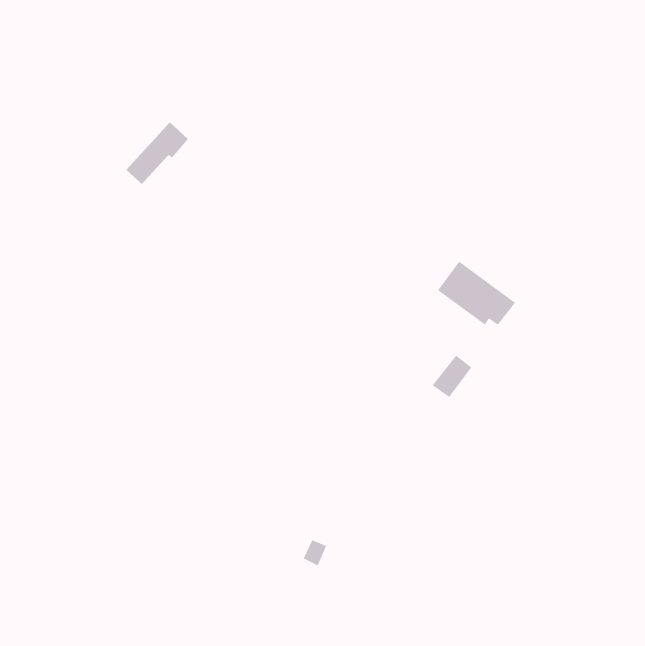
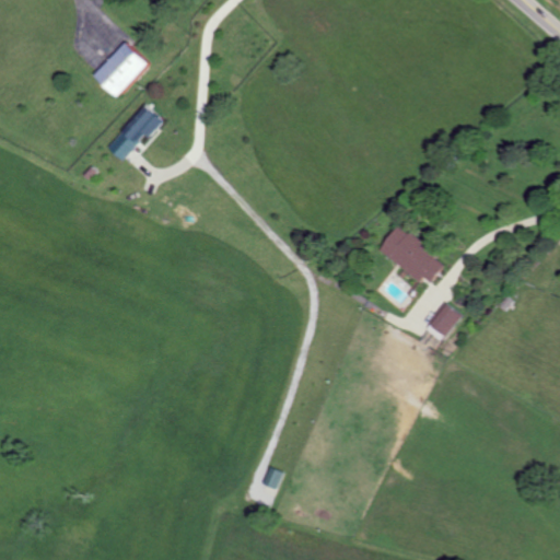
building: none -> [95,43,149,96]
building: [432,355,472,398] -> [425,303,460,340]

